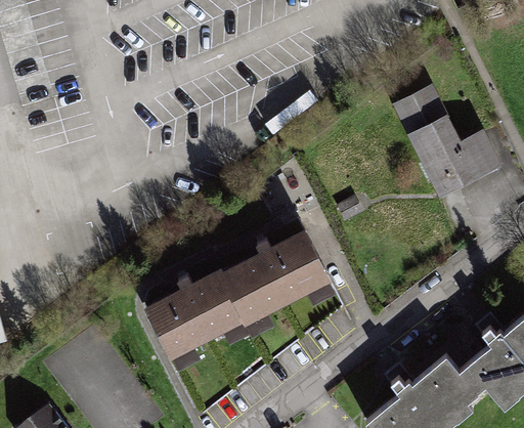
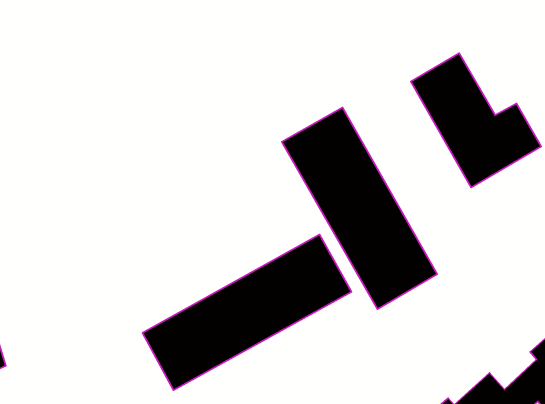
building: none -> [282,108,437,309]

